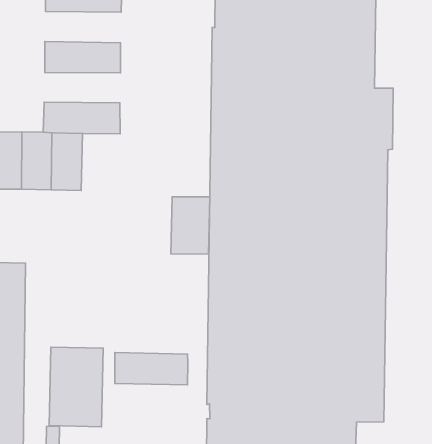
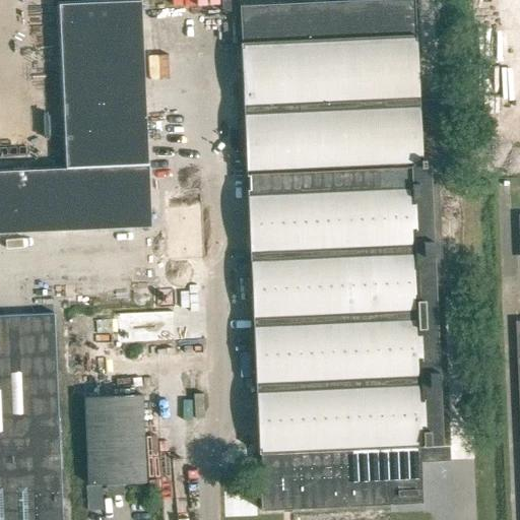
building: none -> [60,32,143,69]
building: none -> [63,99,146,135]
building: [171,197,210,254] -> [108,165,150,229]
building: [115,353,188,385] -> none

